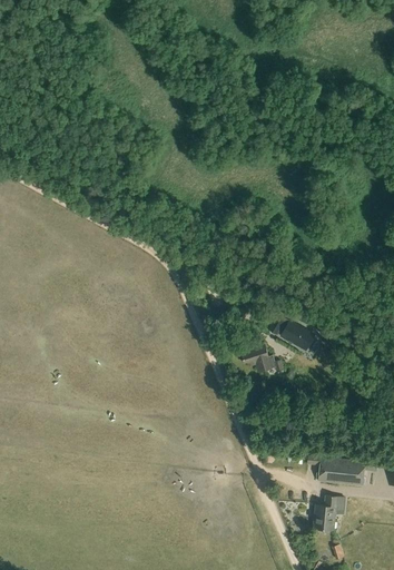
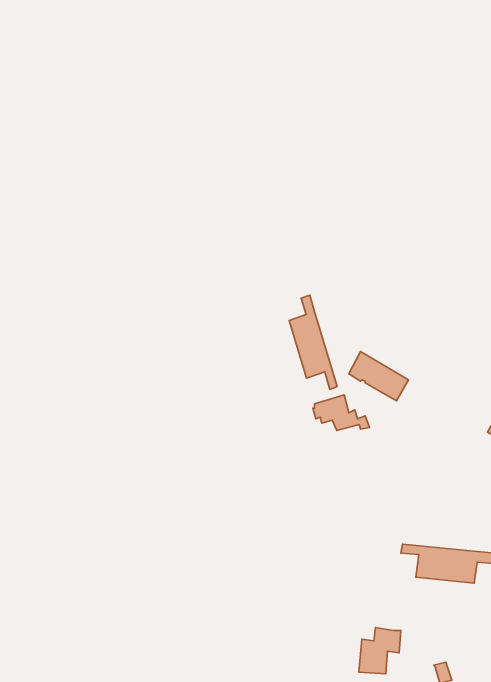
building: none -> [289,295,337,389]
building: [314,494,345,529] -> [359,627,401,674]

